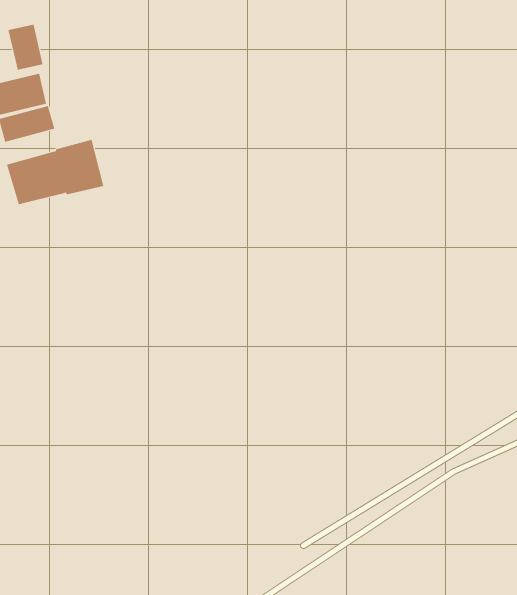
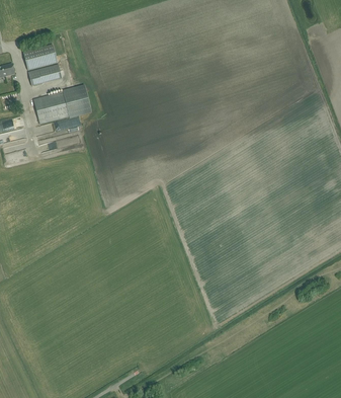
building: [8,24,43,70] -> none

